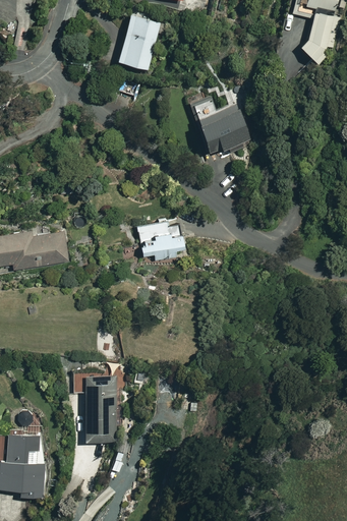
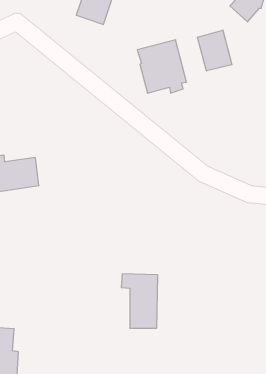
building: none -> [197,30,232,71]
building: [136,218,181,263] -> none
building: [72,374,116,440] -> [121,274,158,328]

